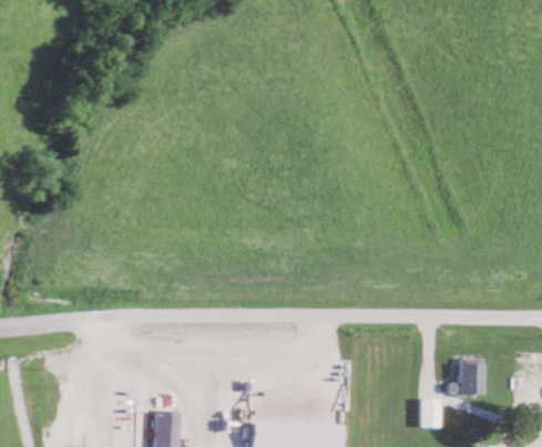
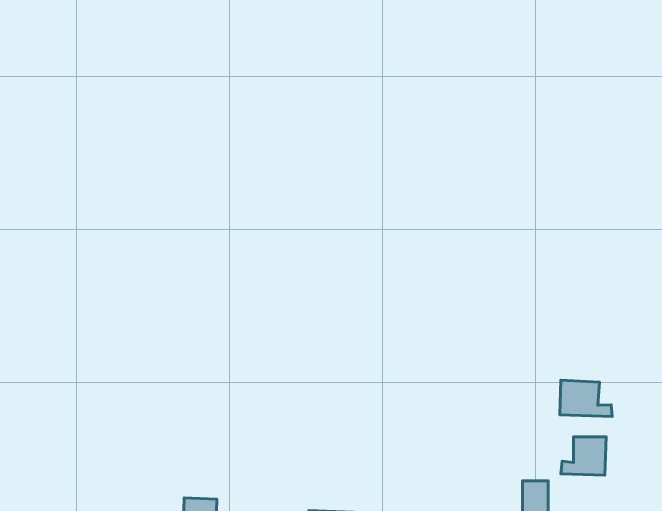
building: none -> [560,380,612,416]

